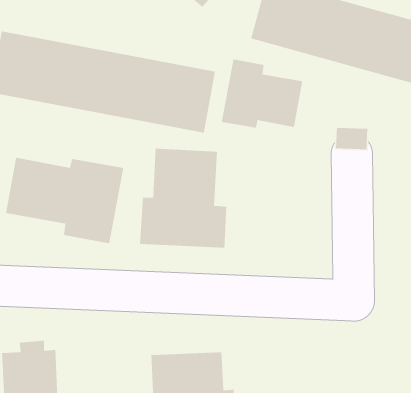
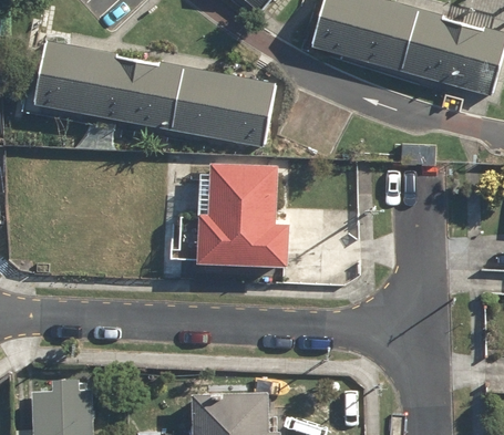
building: [221,59,303,128] -> none
building: [5,157,124,244] -> none

